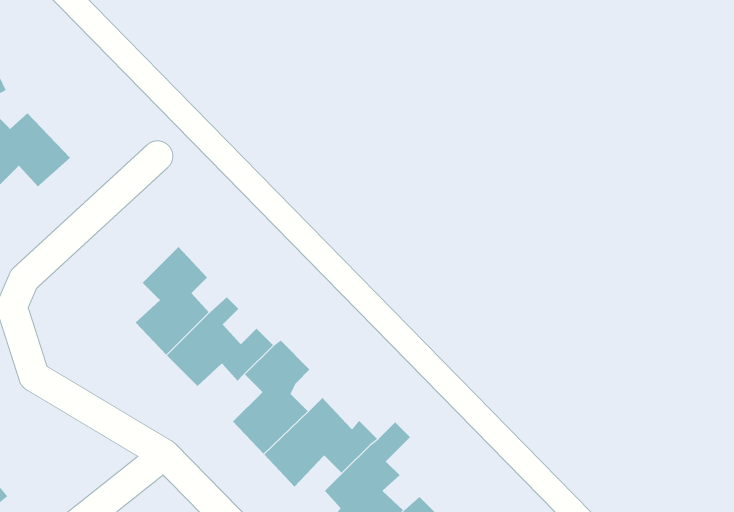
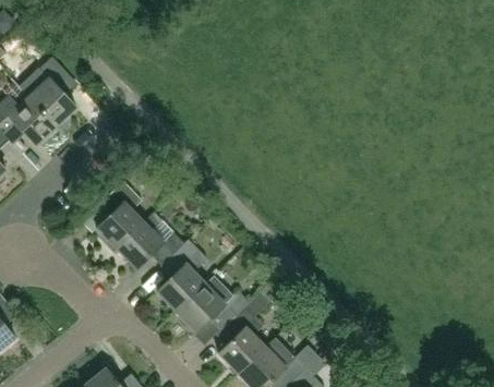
building: none -> [28,58,75,125]

